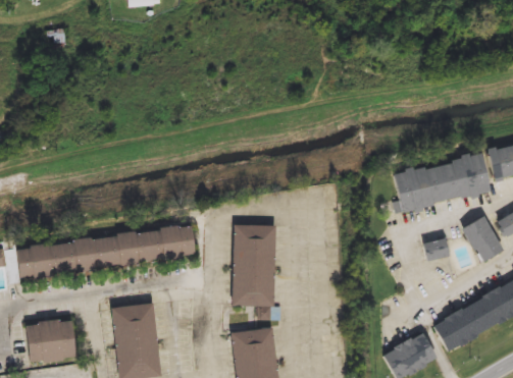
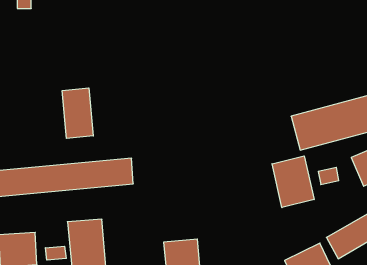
building: none -> [62,88,93,138]
building: [233,225,274,306] -> none
building: none -> [272,156,314,208]
building: none -> [45,246,66,260]

